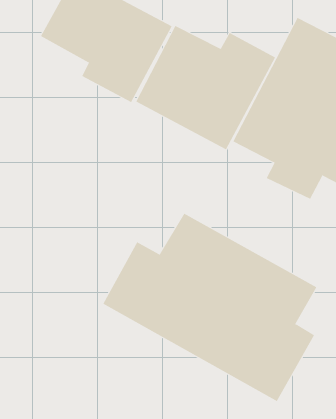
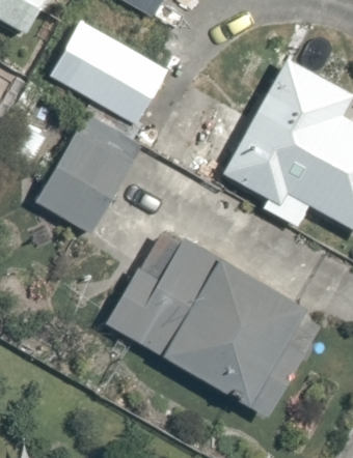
building: [136,25,276,150] -> none
building: none -> [30,112,130,226]

